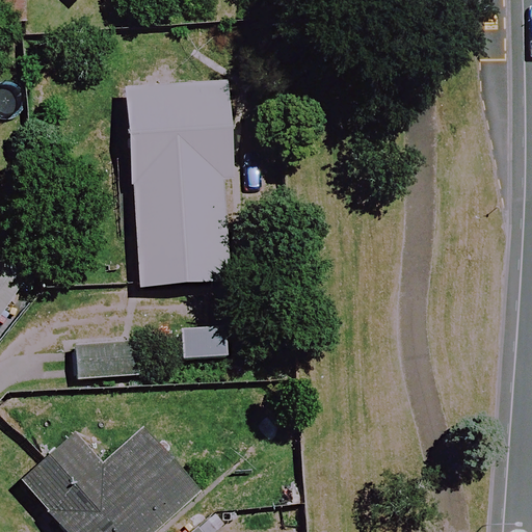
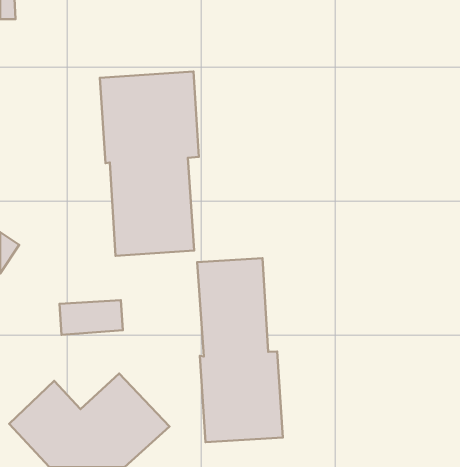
building: none -> [197,258,283,442]

